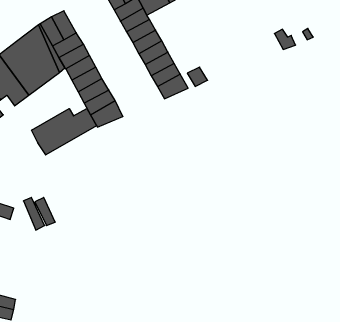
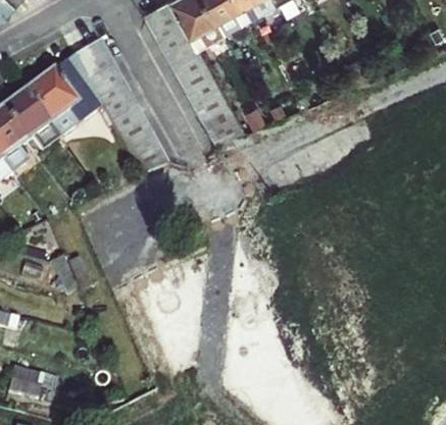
building: [32,108,97,155] -> none

